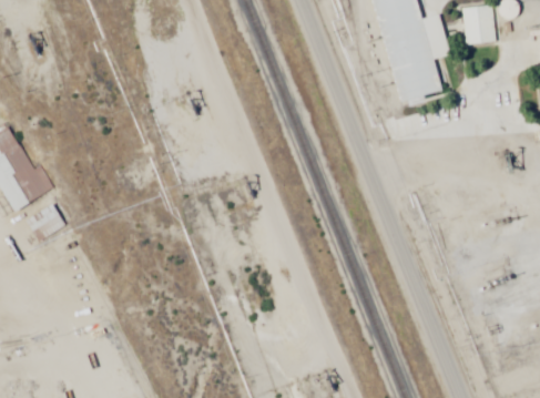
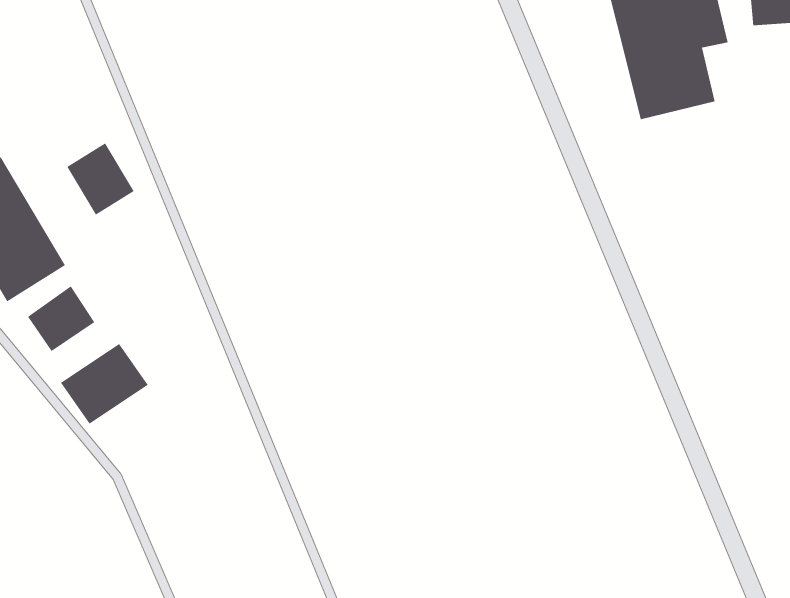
building: none -> [66,142,135,216]
building: none -> [60,343,148,424]

